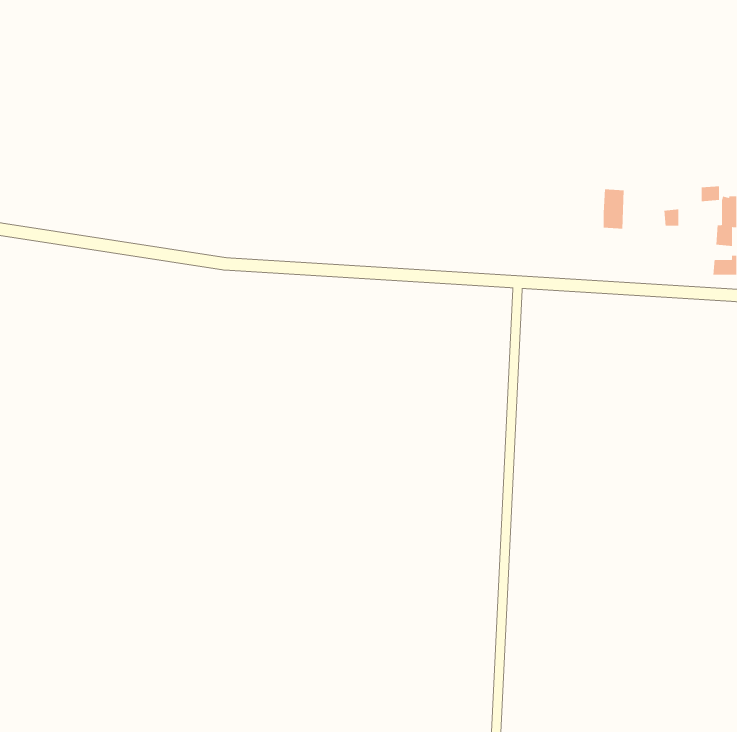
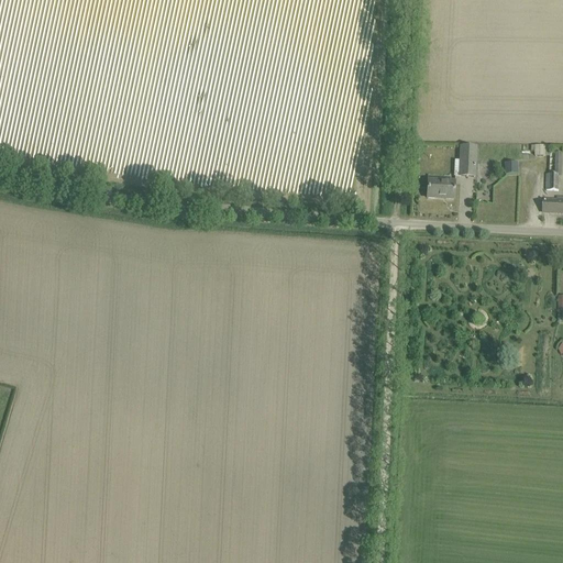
building: none -> [427,177,454,197]

